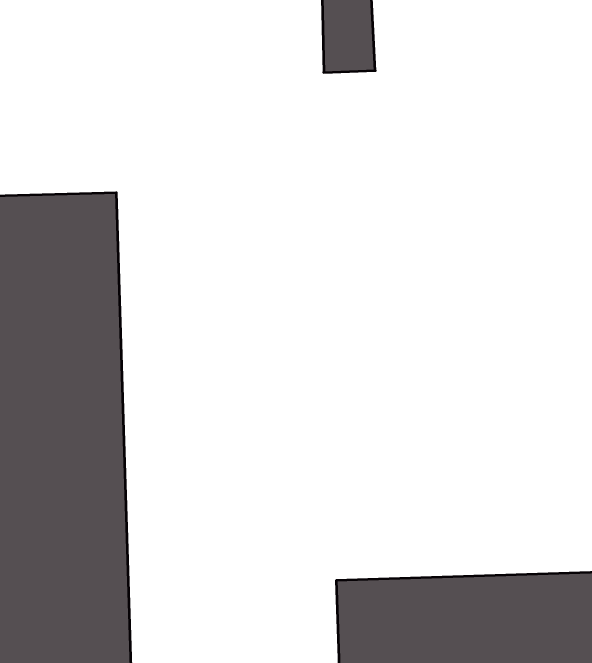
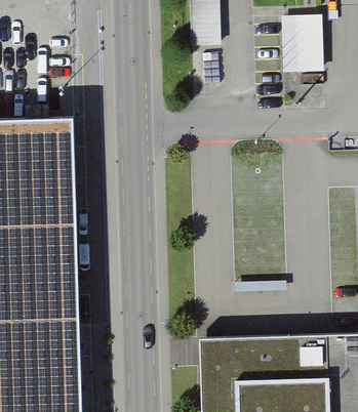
building: none -> [282,14,324,72]

